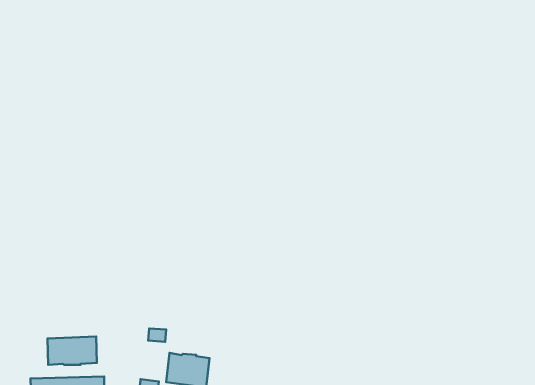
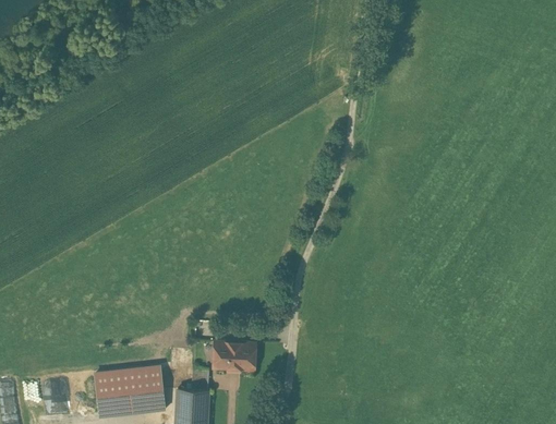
building: [47,337,97,365] -> none

